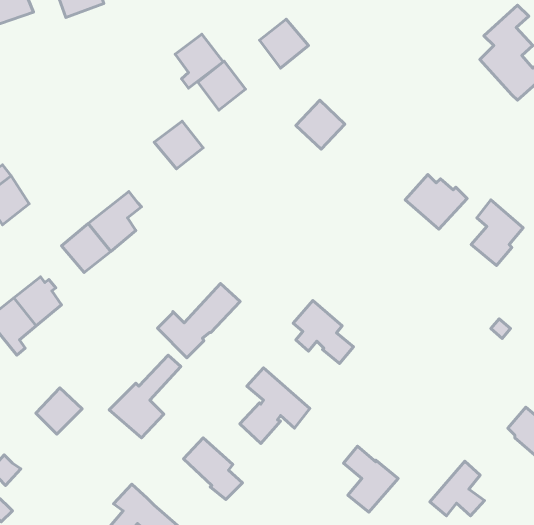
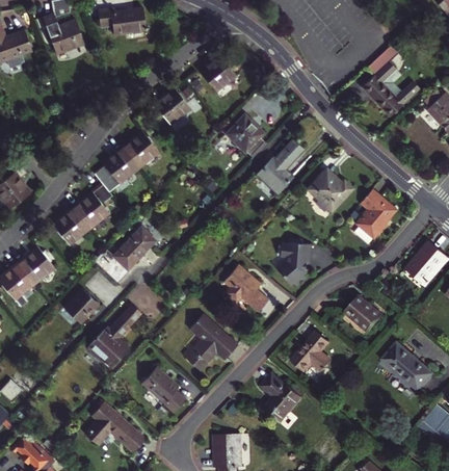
building: [175,34,223,88] -> none
building: none -> [257,141,303,195]
building: none -> [95,148,138,192]
building: none -> [280,237,312,285]
building: [157,283,240,358] -> [95,228,156,283]
building: none -> [345,296,382,333]
building: [36,388,82,434] -> [64,289,99,323]
building: [430,461,484,516] -> [292,332,333,372]

